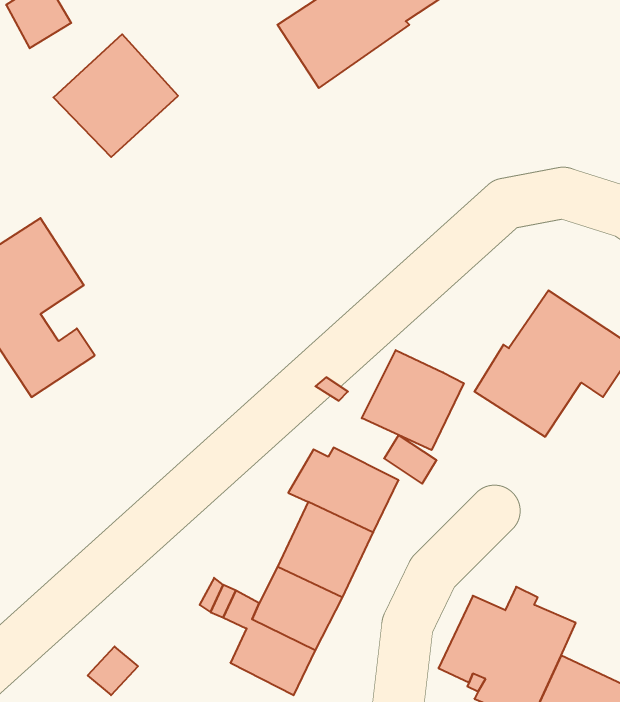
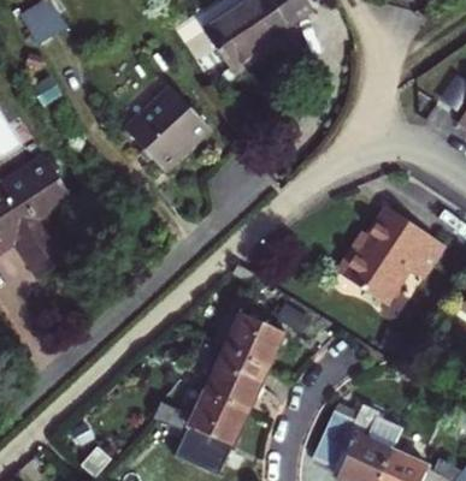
building: [53,34,178,157] -> [128,88,211,170]
building: [362,350,464,450] -> none

